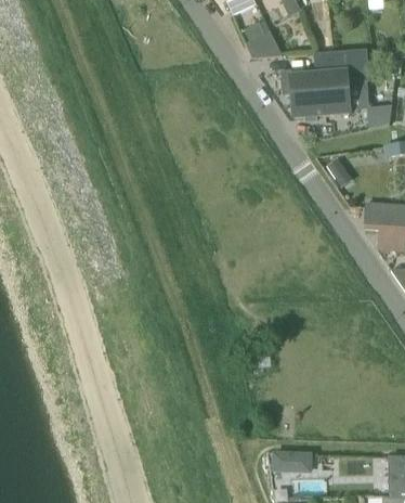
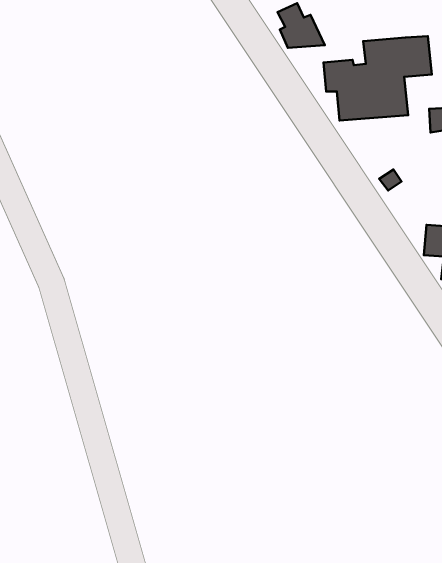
building: [273,451,313,470] -> none

